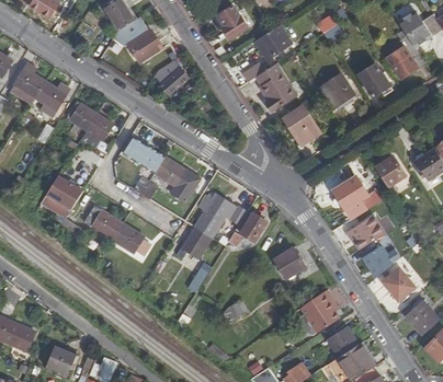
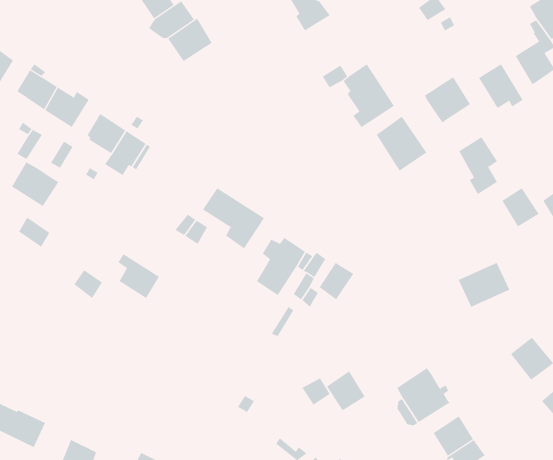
building: [254,25,292,60] -> none
building: [152,59,188,94] -> none
building: [126,136,163,173] -> none
building: [45,175,81,209] -> [11,162,59,207]
building: [338,176,367,220] -> [458,136,498,195]
building: [111,223,148,253] -> none
building: [177,227,209,257] -> none
building: [360,243,400,274] -> none
building: [273,246,303,277] -> [326,370,365,411]

